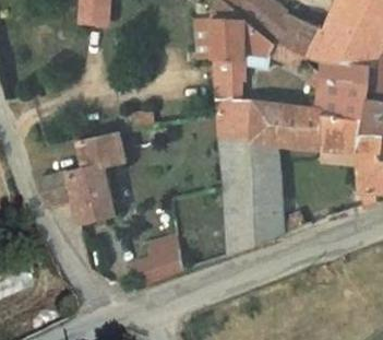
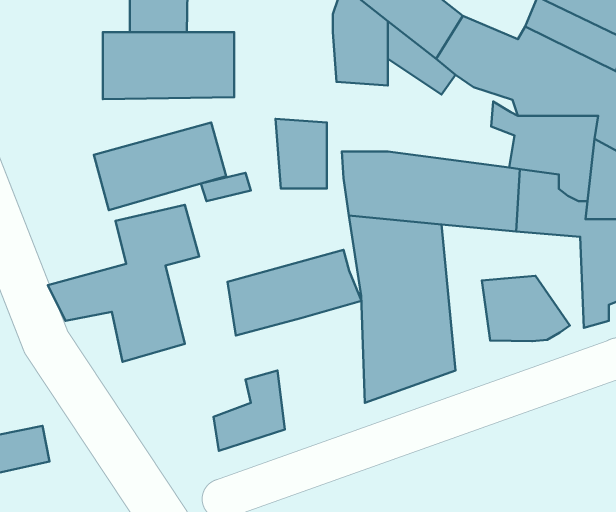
building: none -> [103,32,234,99]
building: [210,55,241,97] -> [275,119,327,188]
building: none -> [94,122,226,210]
building: none -> [228,250,361,335]
building: none -> [482,276,570,341]

